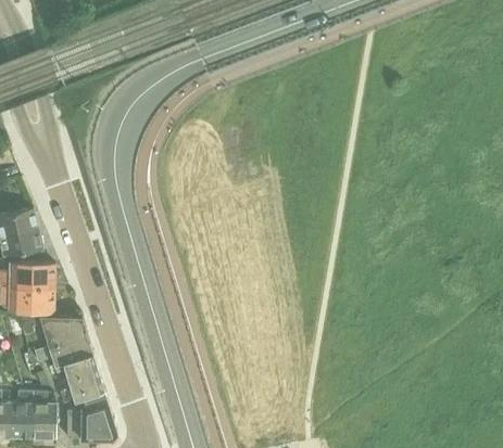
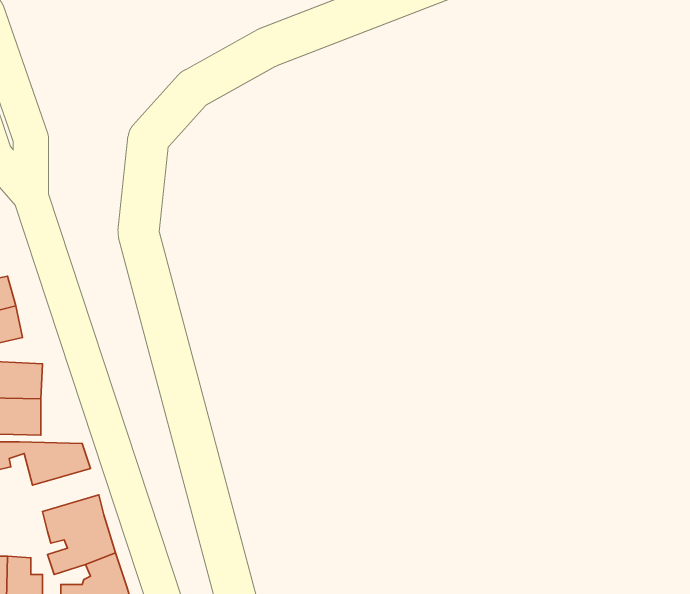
building: [33,333,91,362] -> none

